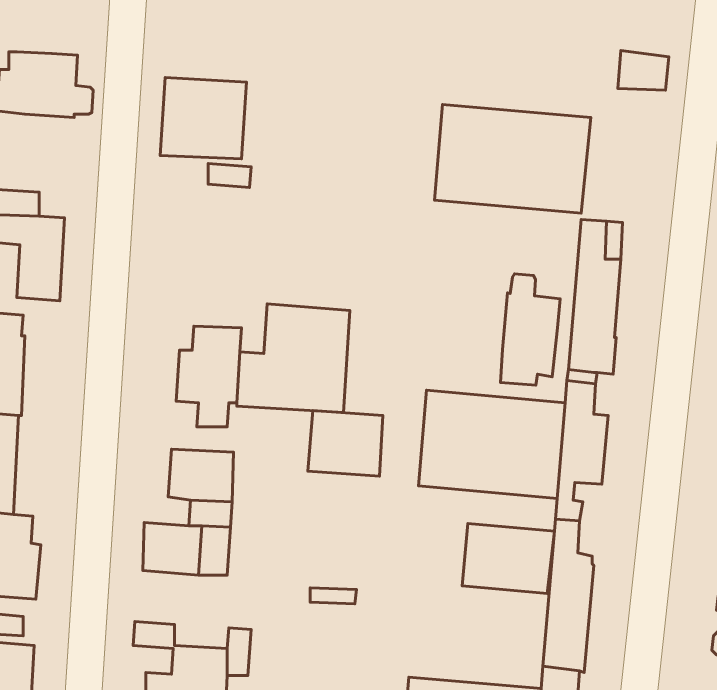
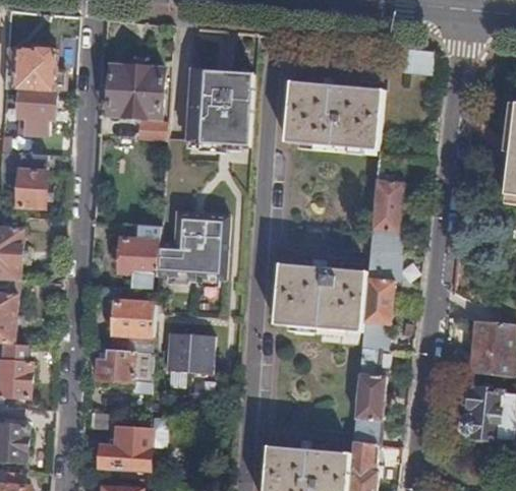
building: none -> [186,69,253,146]
building: none -> [14,87,55,133]
building: [501,274,560,385] -> none
building: [308,411,383,476] -> [166,329,214,371]
building: [462,523,555,594] -> none

